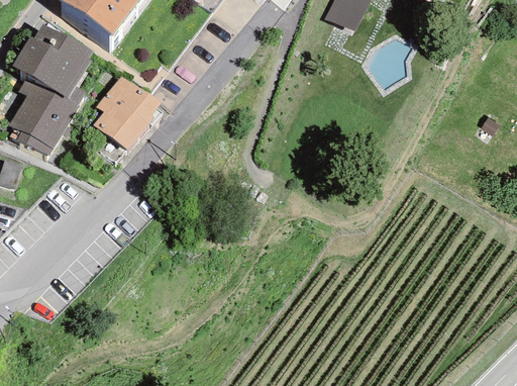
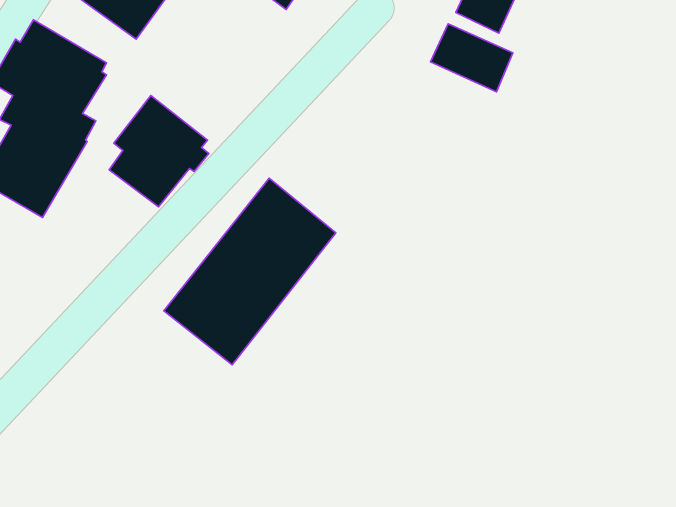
building: none -> [431,24,513,92]
building: none -> [164,178,336,365]

